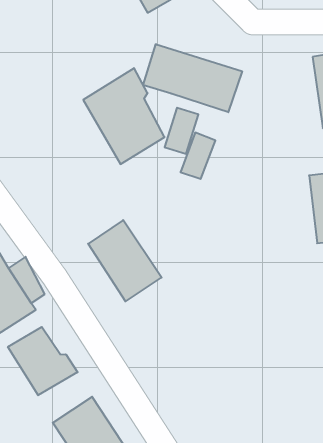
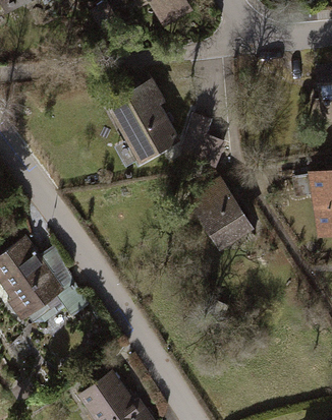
building: [143,44,242,112] -> none
building: [88,220,162,301] -> [180,179,246,252]
building: [8,327,78,395] -> none

